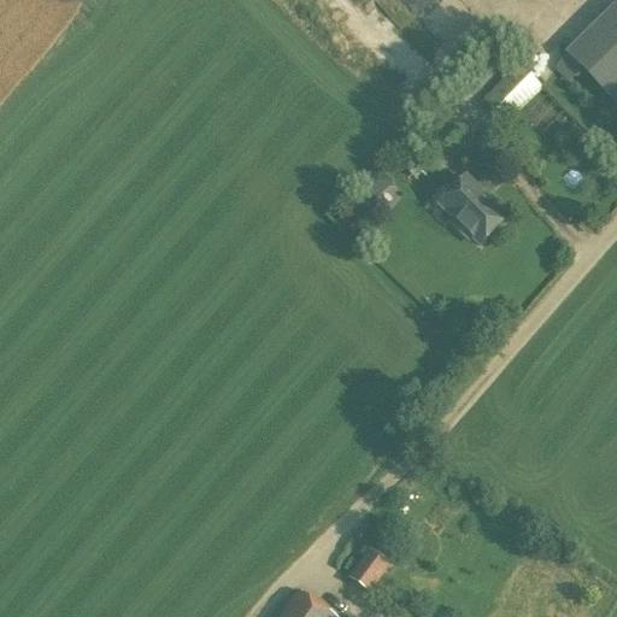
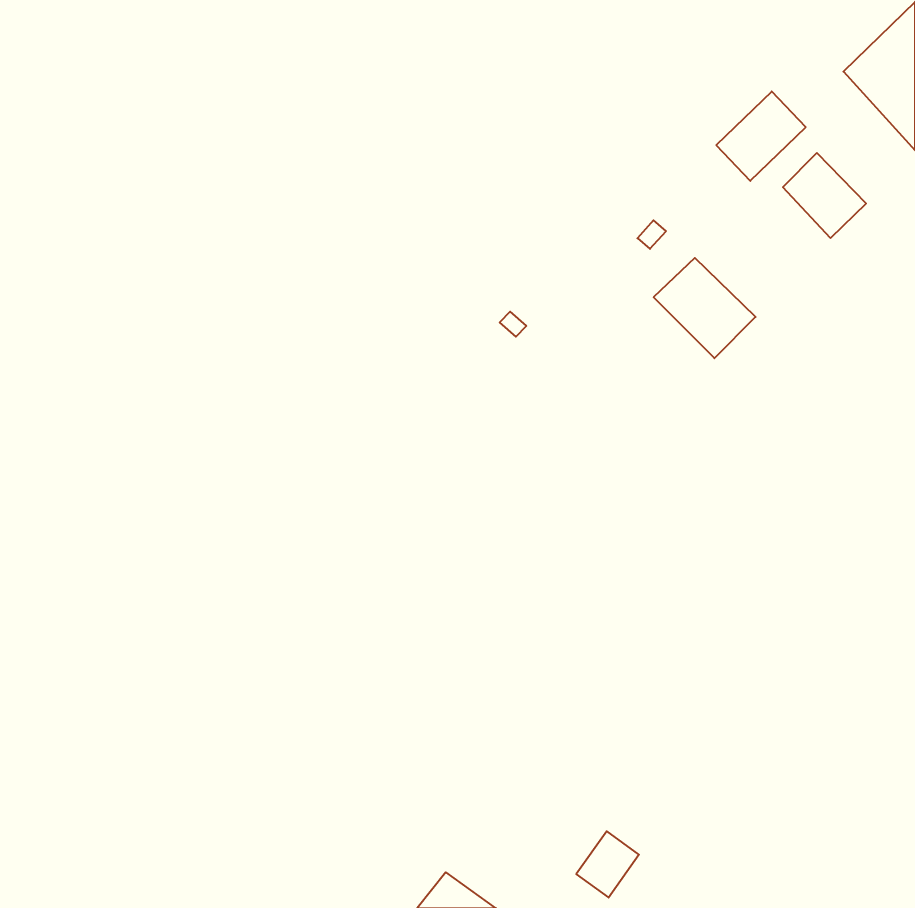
building: none -> [783,153,866,238]
building: [348,546,390,590] -> [576,831,639,898]

